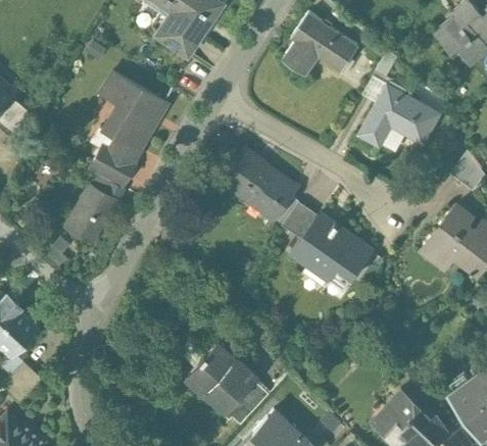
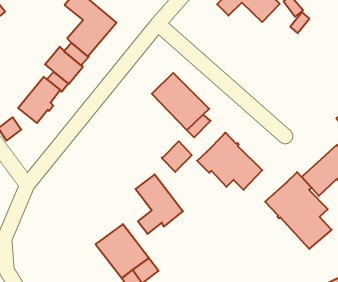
building: [360,87,438,146] -> none
building: [282,202,318,240] -> [162,141,192,172]
building: none -> [265,172,332,249]
building: none -> [135,174,183,234]

